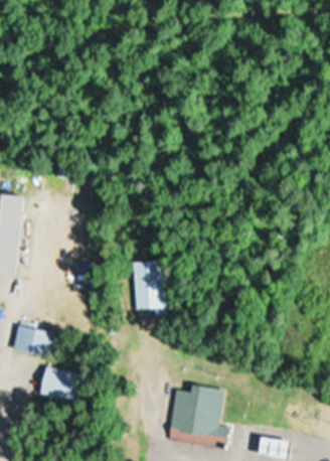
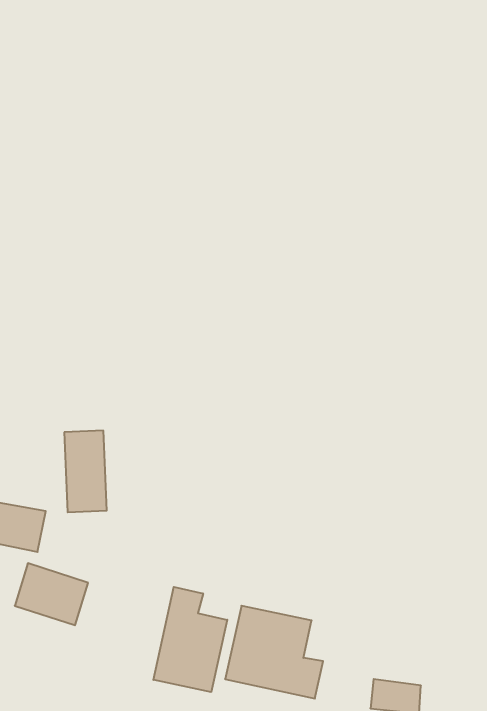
building: [135,261,161,311] -> [64,431,107,512]
building: none -> [153,587,227,692]

